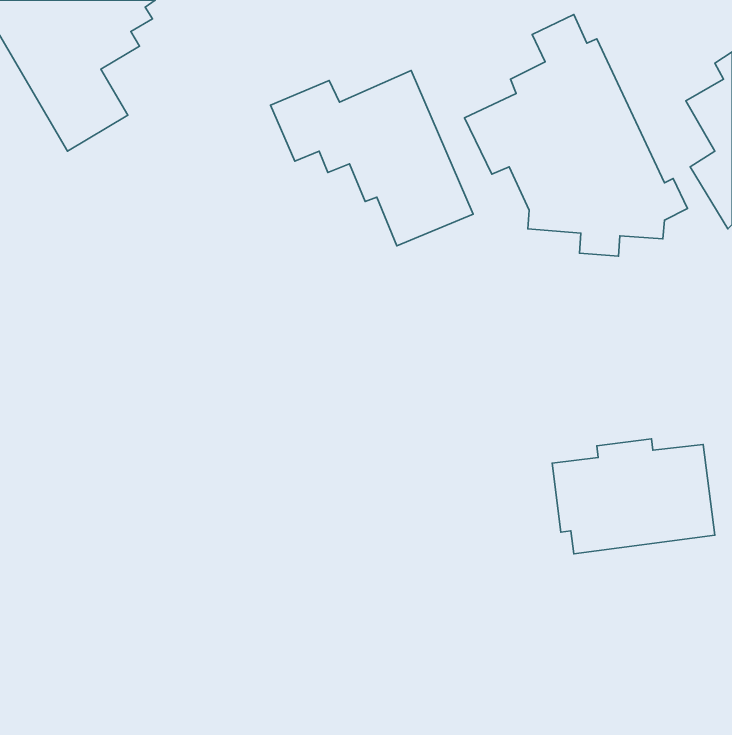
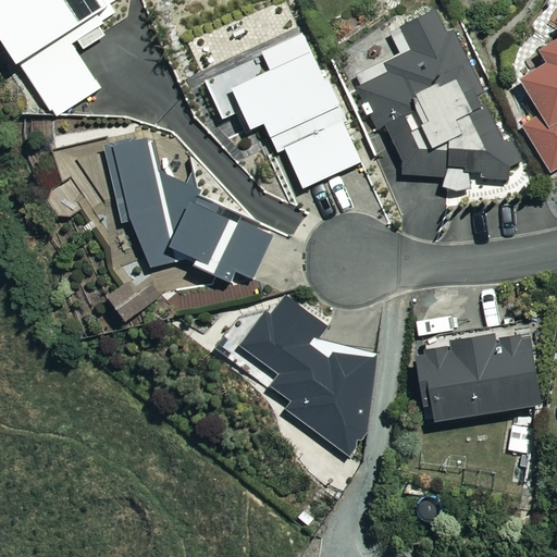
building: none -> [104,137,272,281]
building: none -> [242,297,379,461]

